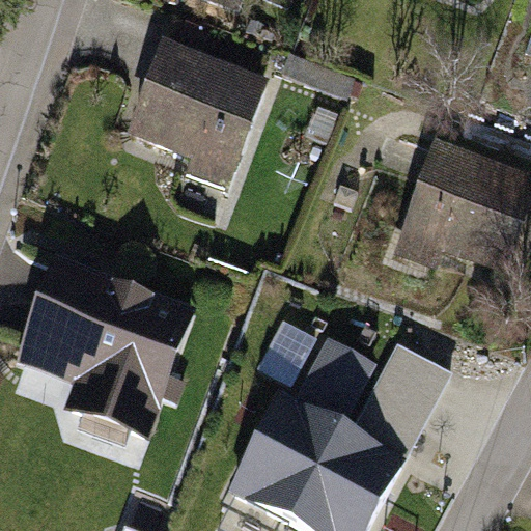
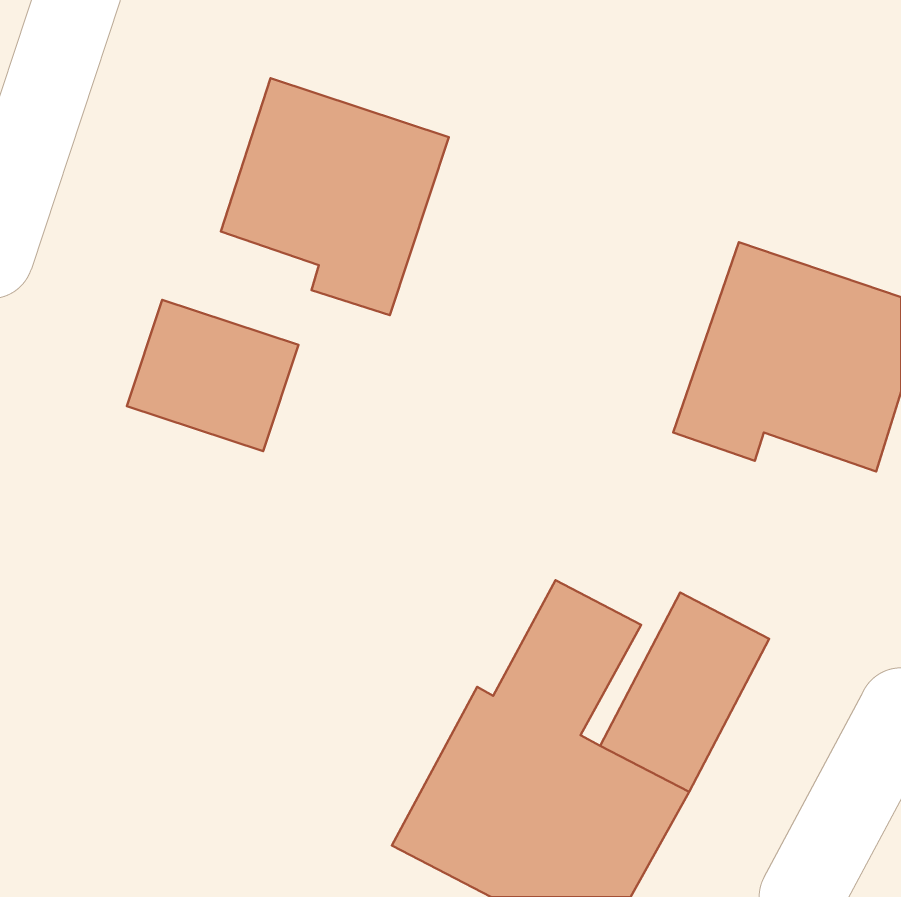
building: none -> [127,300,299,451]
building: [20,261,191,434] -> none

